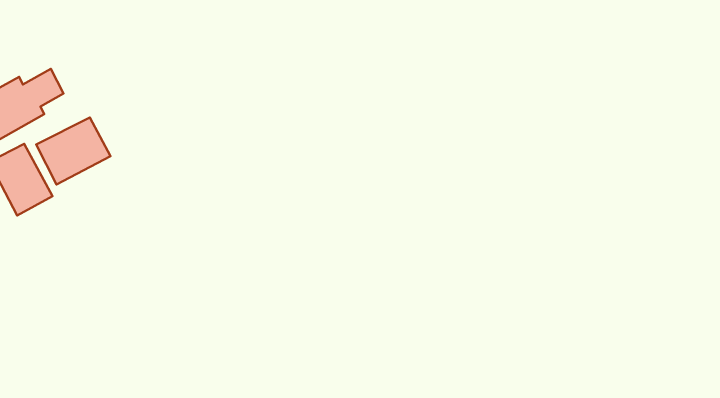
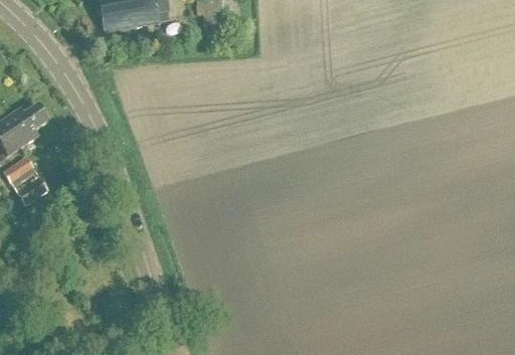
building: [36,118,111,185] -> none

